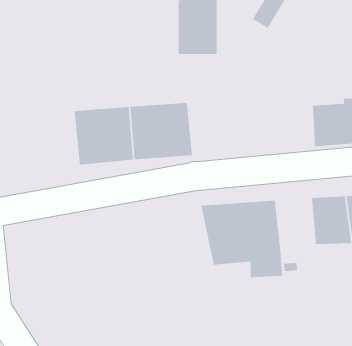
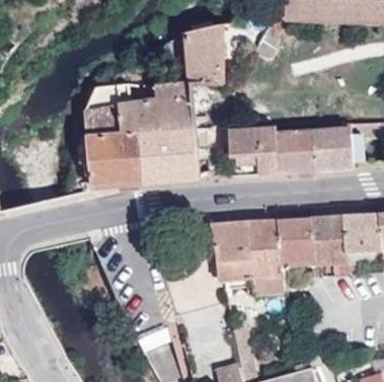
building: none -> [85,84,196,137]
building: none -> [230,128,315,176]
building: none -> [279,219,316,265]

